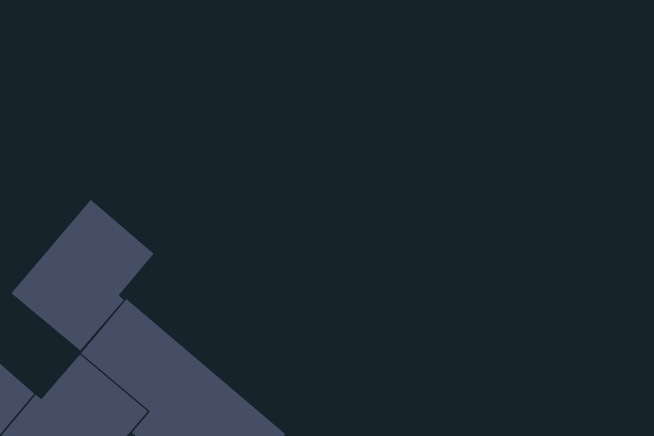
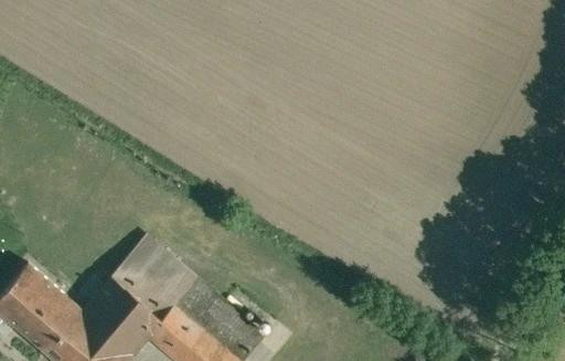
building: [10,199,154,351] -> none

